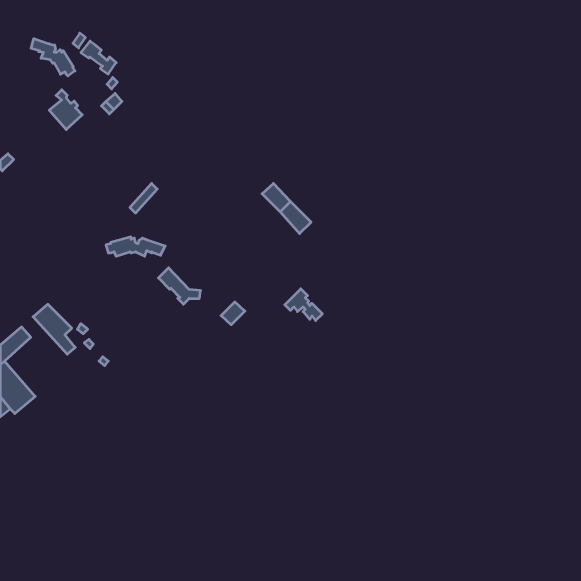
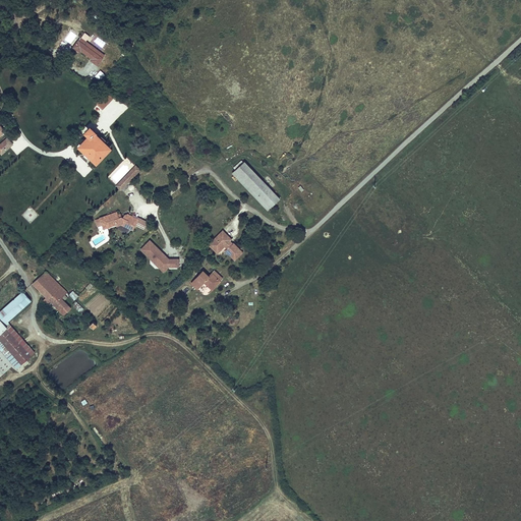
building: [31,39,75,76] -> none
building: [49,90,82,130] -> [76,121,106,157]
building: [285,289,322,321] -> [210,233,243,262]

